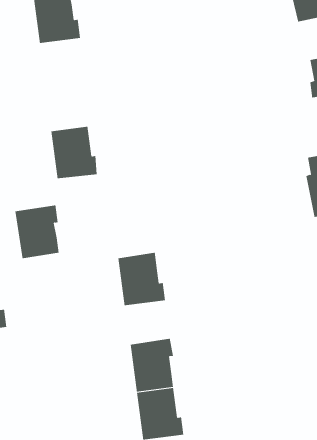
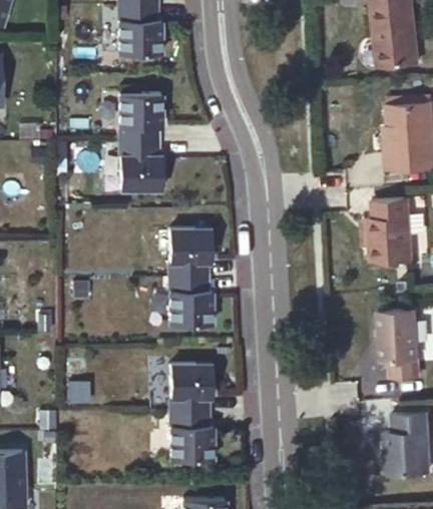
building: none -> [120,95,162,143]
building: [15,205,59,259] -> [169,228,211,278]

